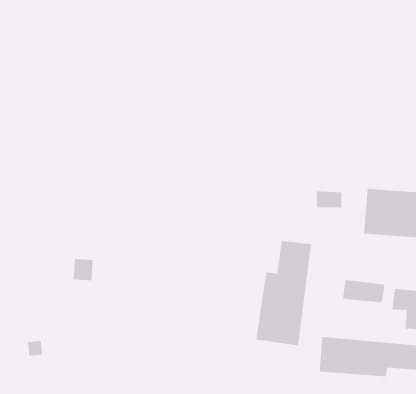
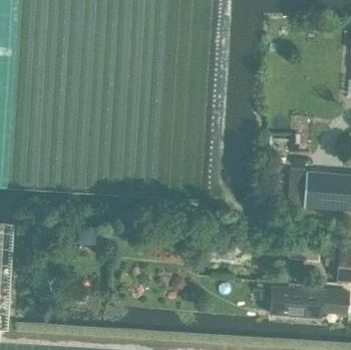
building: [256,240,312,346] -> none

